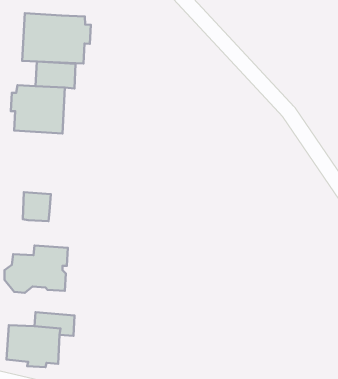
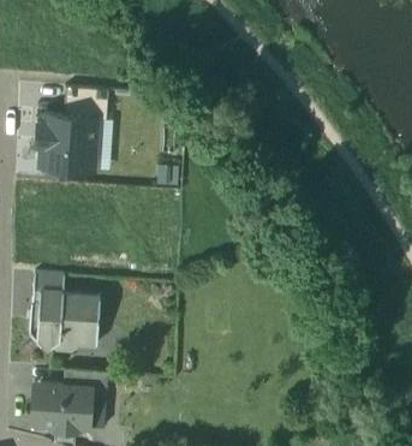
building: [22,13,91,63] -> none
building: [23,192,51,221] -> [34,274,65,307]

